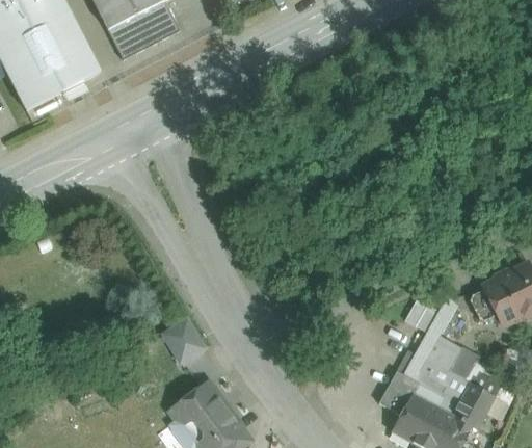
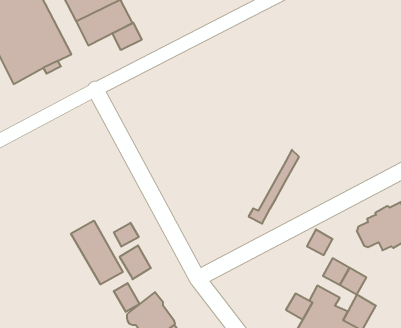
building: none -> [112,23,142,50]
building: none -> [71,221,123,284]
building: none -> [114,223,139,247]
building: [391,295,456,391] -> [249,150,299,224]
building: none -> [114,283,140,312]

